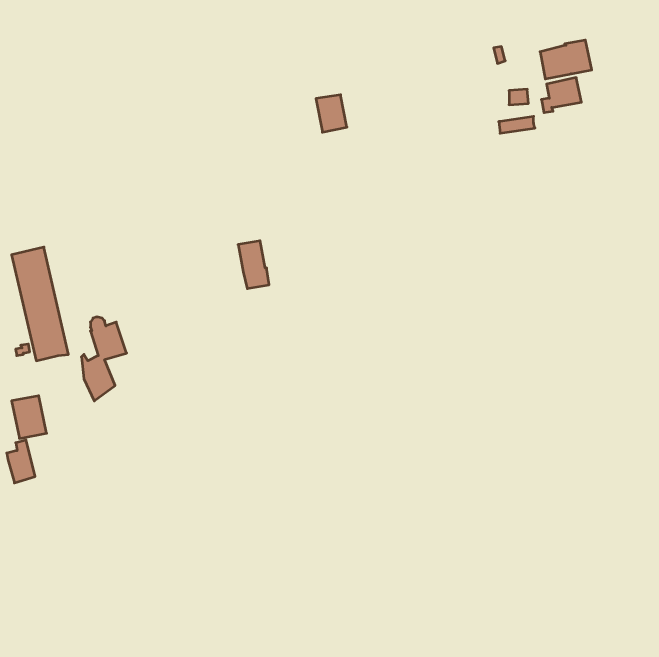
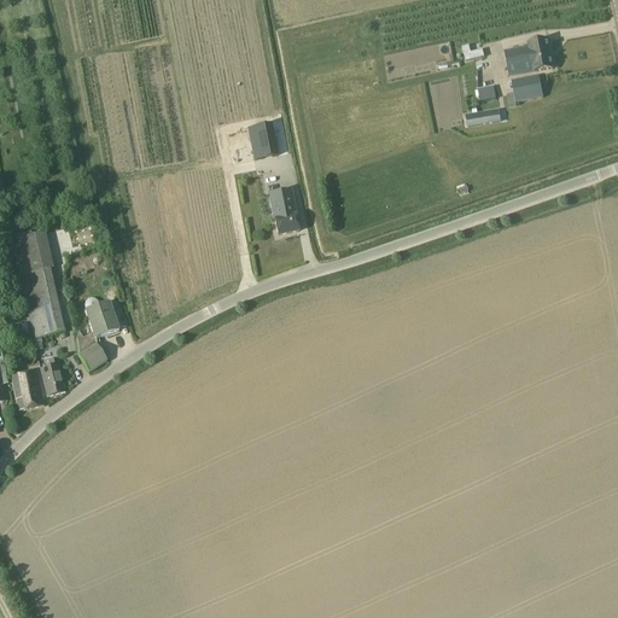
building: [316,95,347,132] -> [249,123,278,158]
building: [238,241,269,289] -> [270,188,299,233]
building: [7,440,35,483] -> [40,356,66,396]

